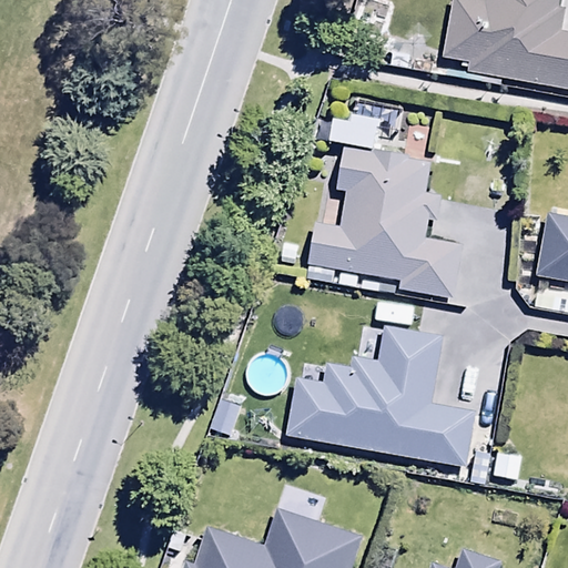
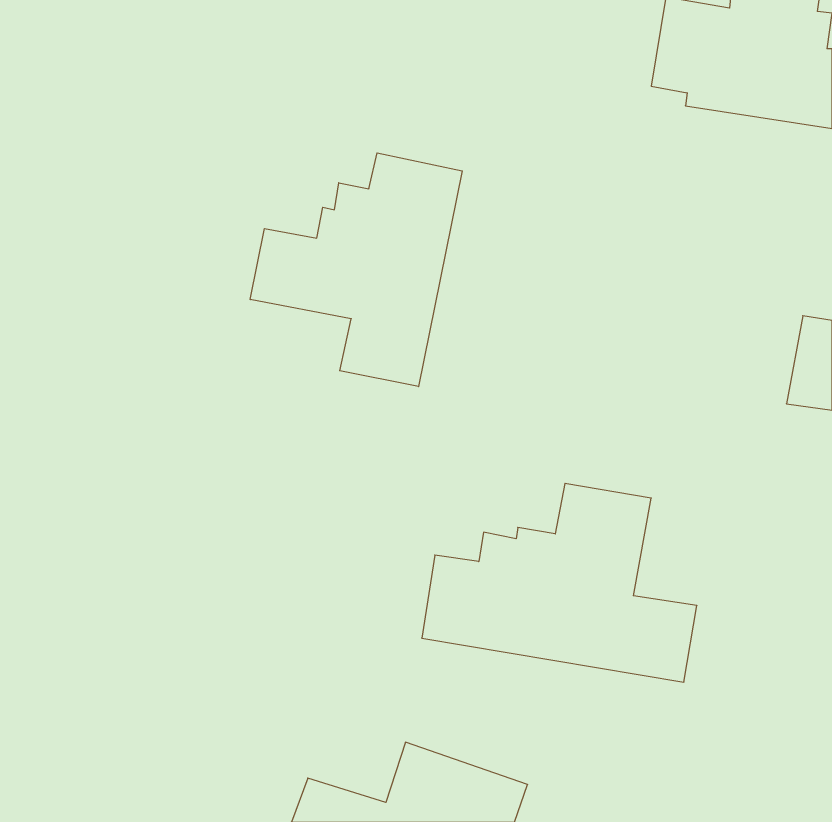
building: none -> [250,153,462,387]
building: [308,146,465,301] -> none

